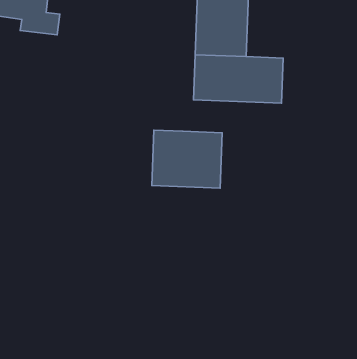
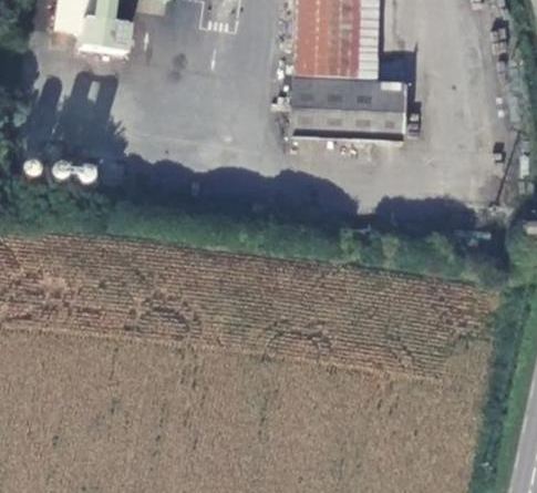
building: [152,130,222,188] -> none

